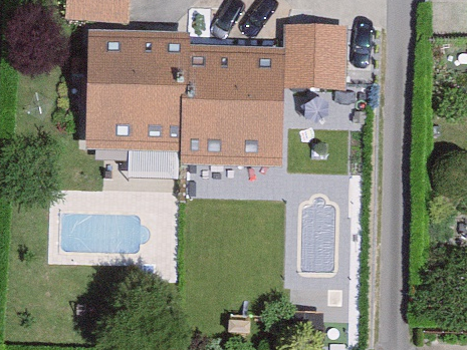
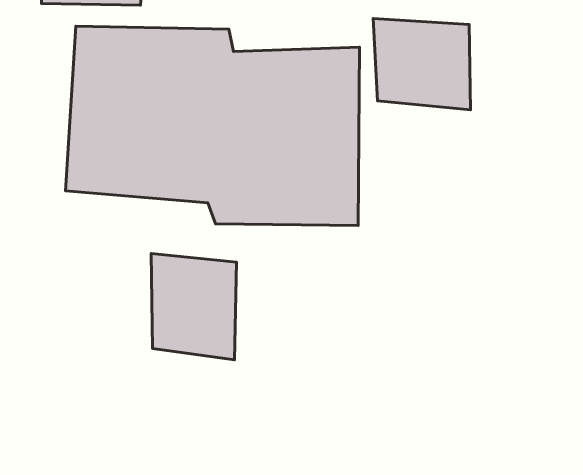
building: none -> [151,253,236,360]

